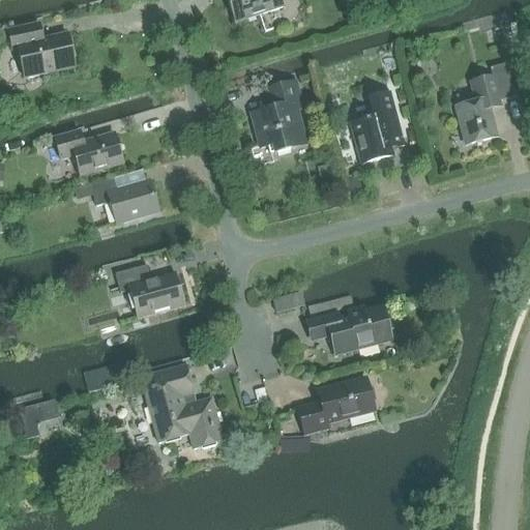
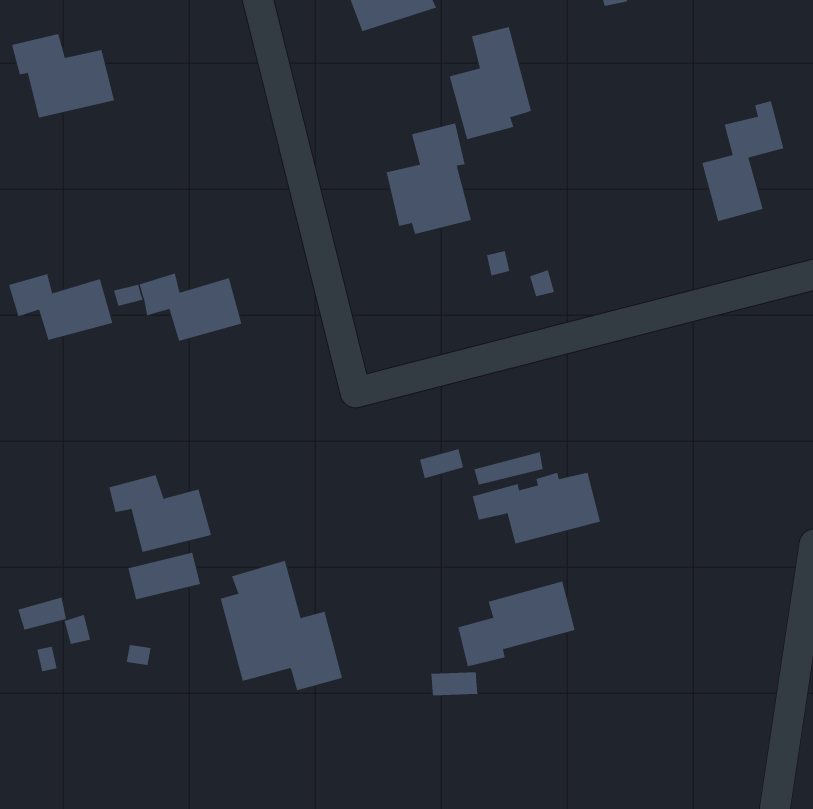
building: [351,89,405,163] -> [449,27,532,140]
building: [55,129,123,173] -> [8,274,113,341]
building: [116,264,183,315] -> [108,474,212,553]

